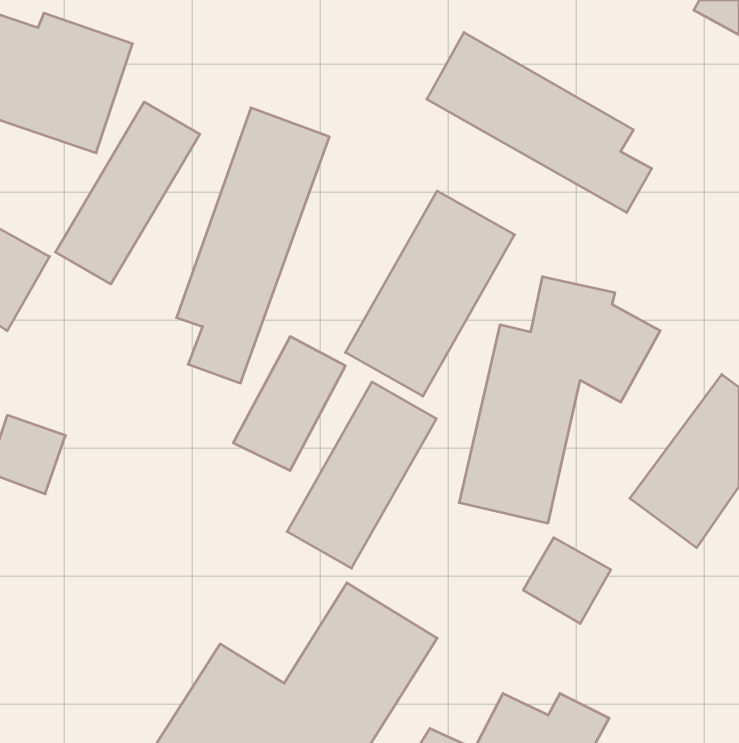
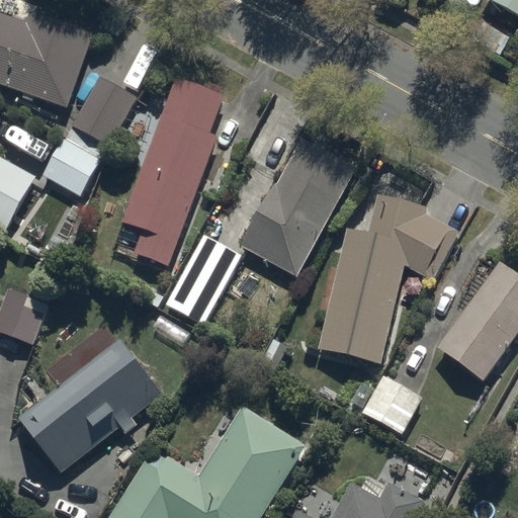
building: [427,32,652,213] -> none
building: [287,382,436,568] -> none
building: none -> [15,339,161,472]

